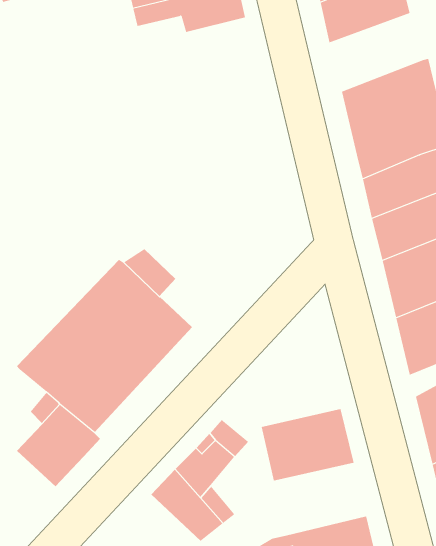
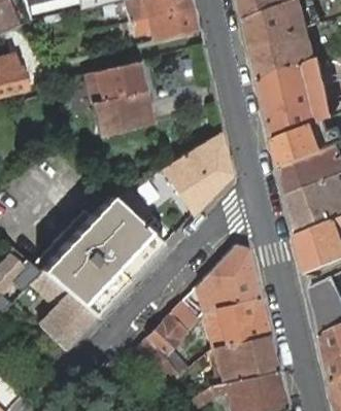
building: none -> [249,27,313,80]
building: none -> [90,60,149,135]
building: none -> [159,131,228,213]
building: none -> [195,244,258,313]
building: none -> [211,334,275,383]

